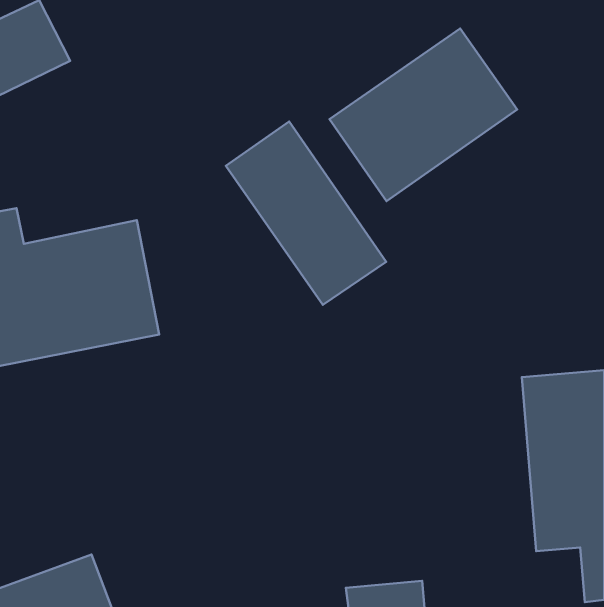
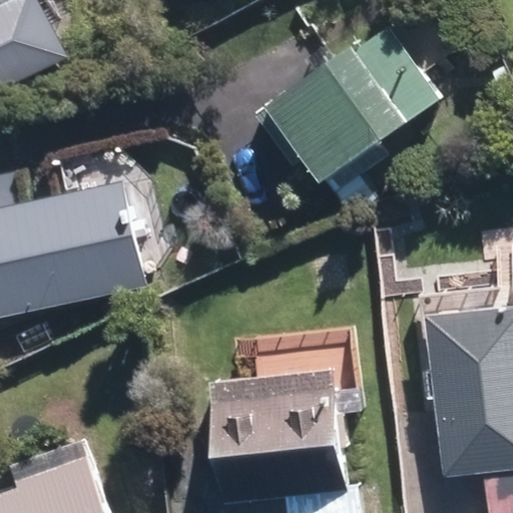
building: [226,122,386,305] -> none
building: none -> [219,378,341,493]

